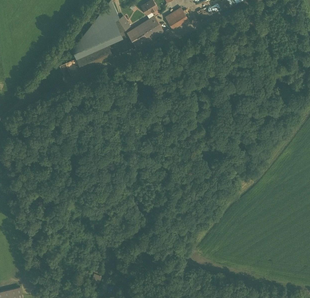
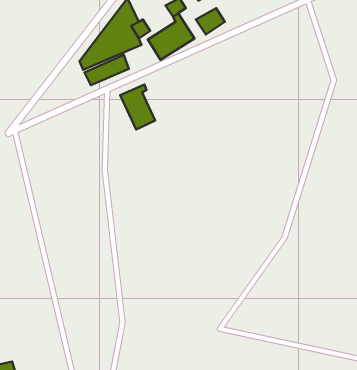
building: none -> [120,84,155,129]

